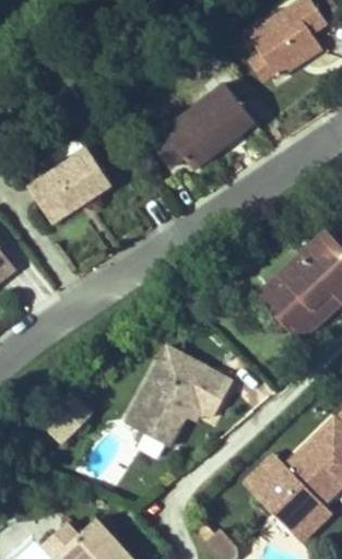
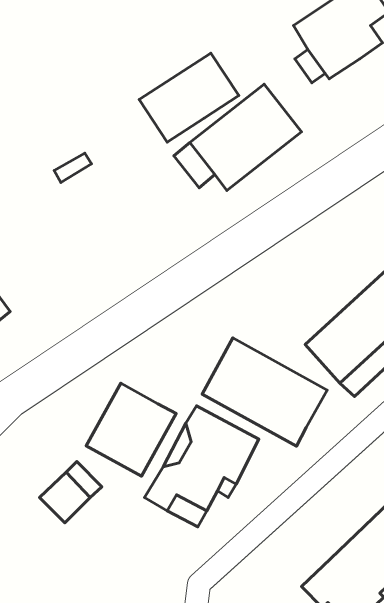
building: [28,148,110,222] -> [139,53,239,142]
building: none -> [202,338,327,446]
building: none -> [86,383,176,476]

